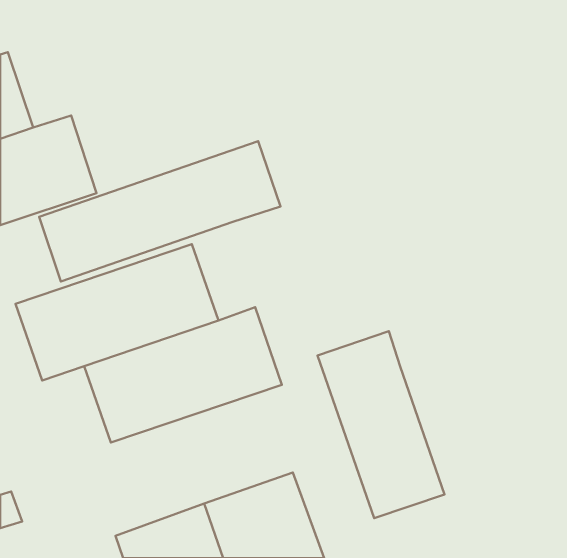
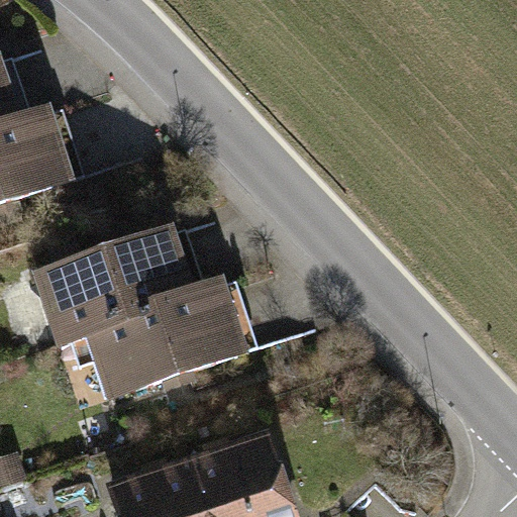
building: [39,141,280,281] -> none
building: [318,331,445,518] -> none

